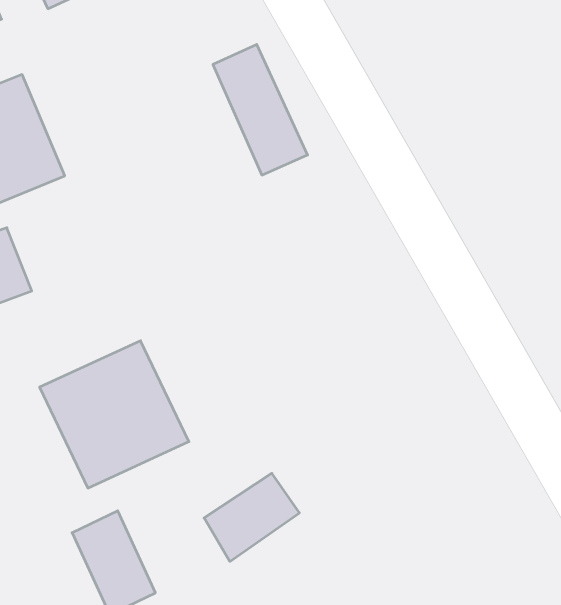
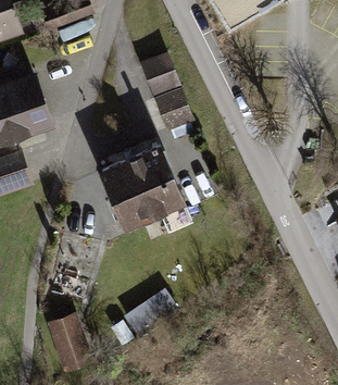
building: [40,341,189,488] -> [99,148,180,228]

